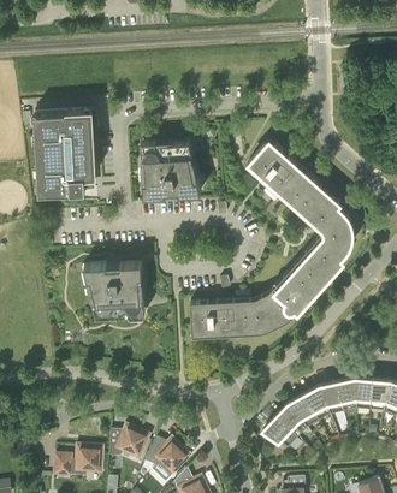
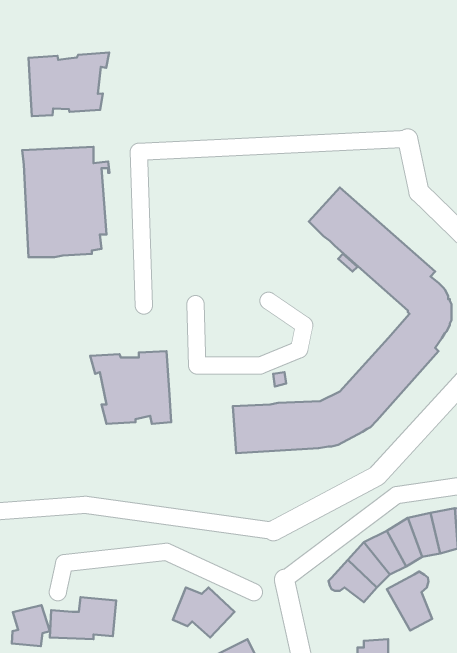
building: none -> [29,53,109,116]
building: [141,142,201,196] -> none
building: [108,424,149,459] -> none
building: none -> [387,572,432,631]
building: none -> [12,605,50,646]

